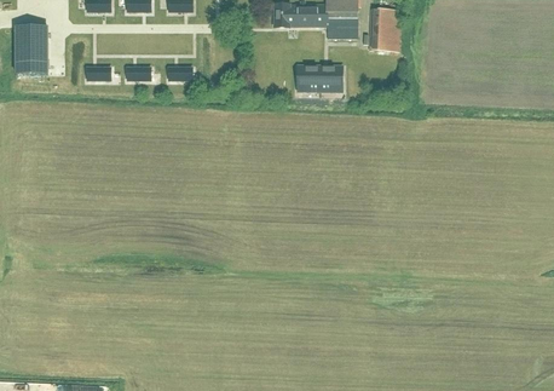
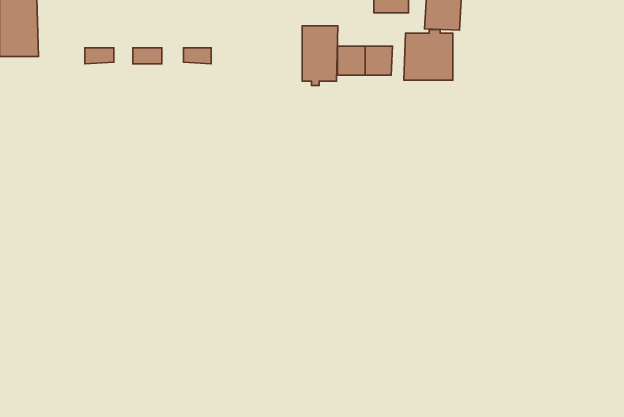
building: none -> [302,26,338,85]
building: none -> [404,29,453,80]

